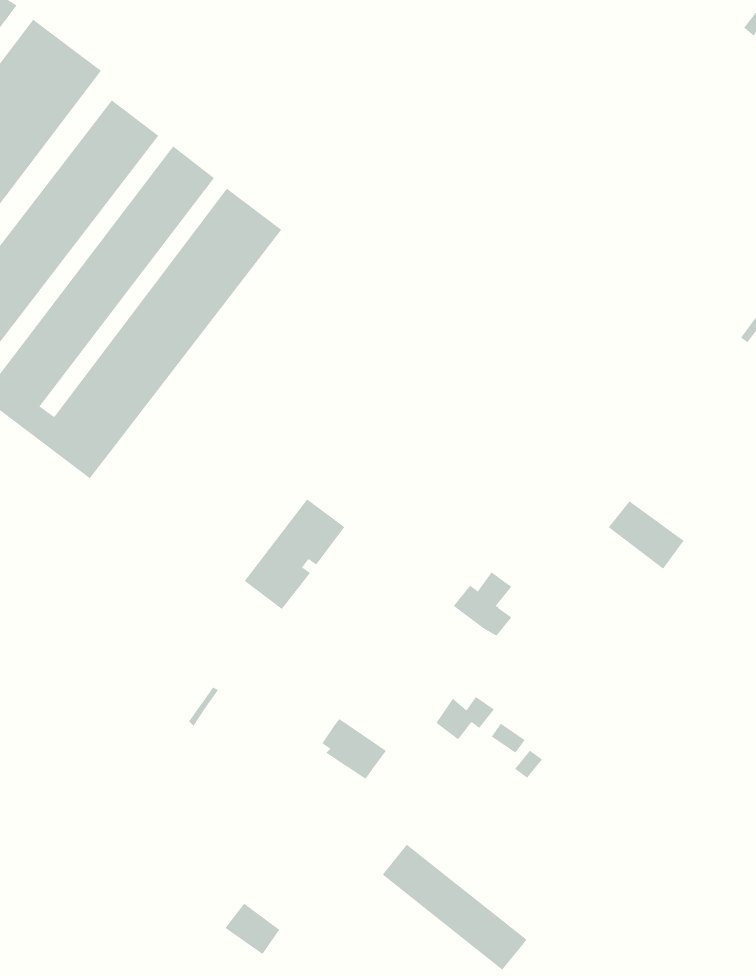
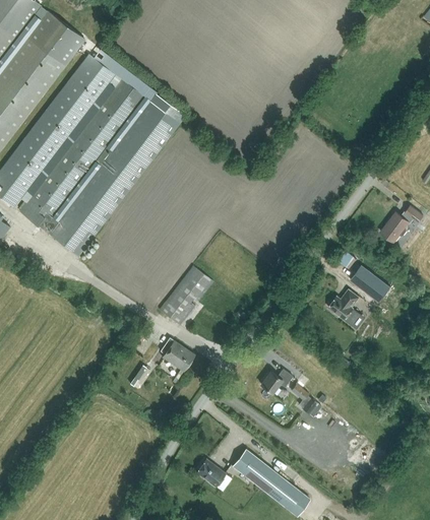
building: none -> [379,204,422,241]
building: [453,571,512,637] -> [326,287,358,322]
building: [322,718,387,780] -> [159,336,193,369]
building: [225,903,280,955] -> [195,458,225,485]

